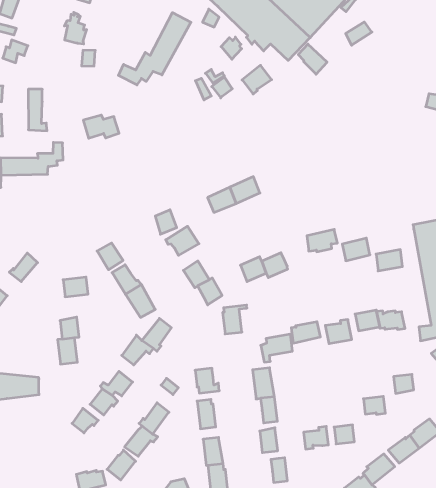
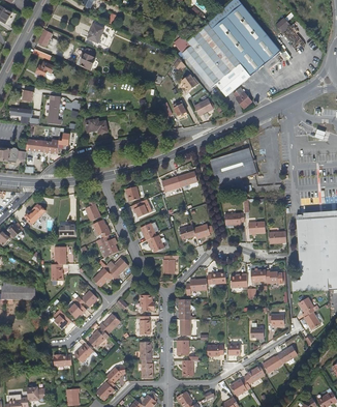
building: [118,13,191,85] -> none
building: none -> [209,148,256,190]

